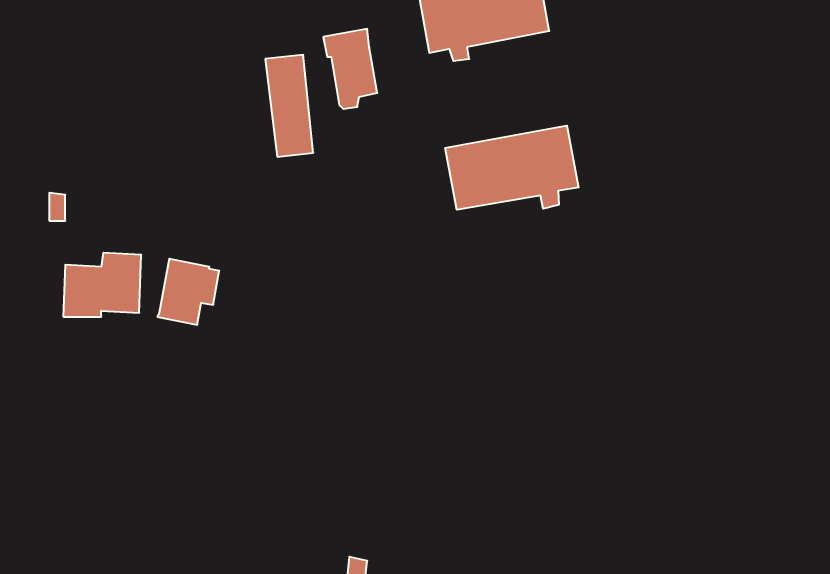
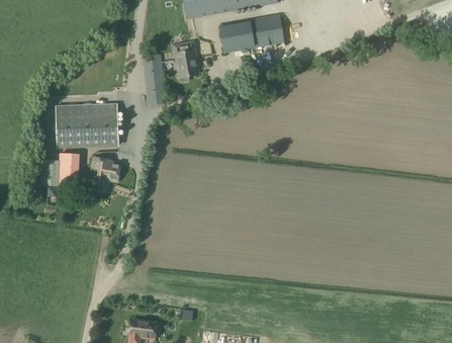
building: [445,126,579,210] -> none
building: none -> [56,103,118,146]

